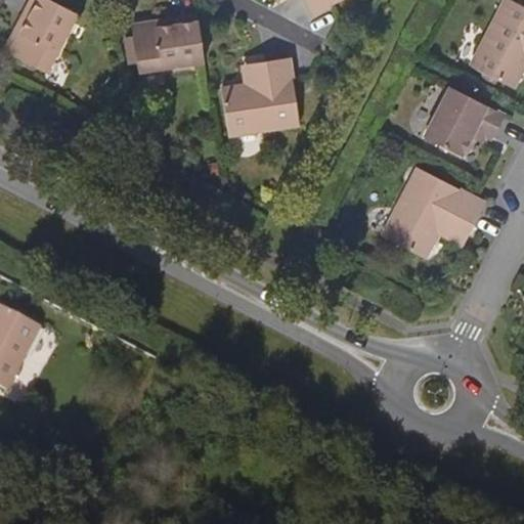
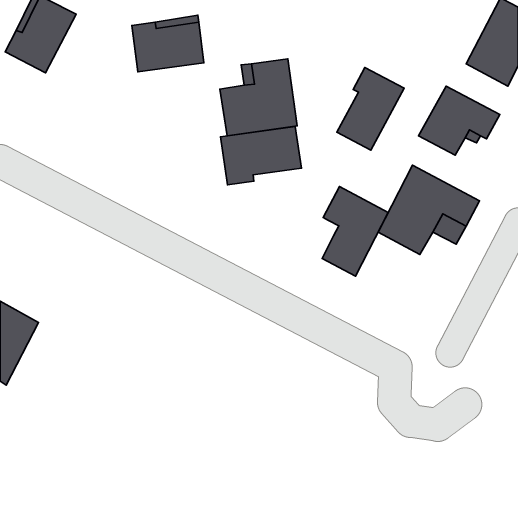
building: none -> [337,67,404,150]
building: none -> [221,126,302,185]
building: none -> [322,186,388,276]

